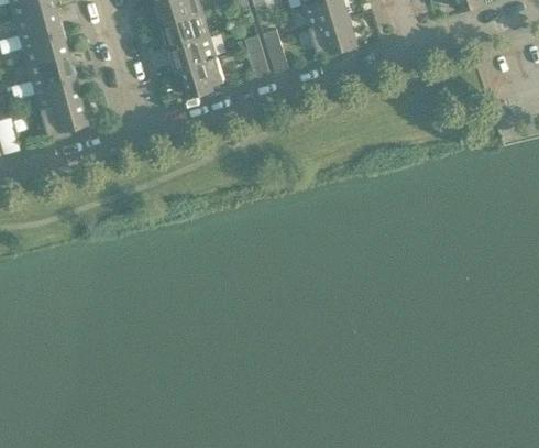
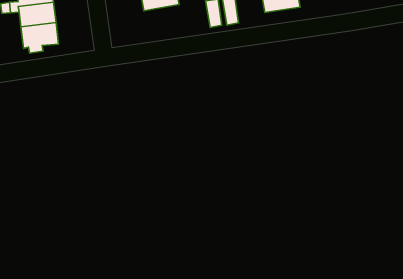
building: [178,56,224,94] -> none

